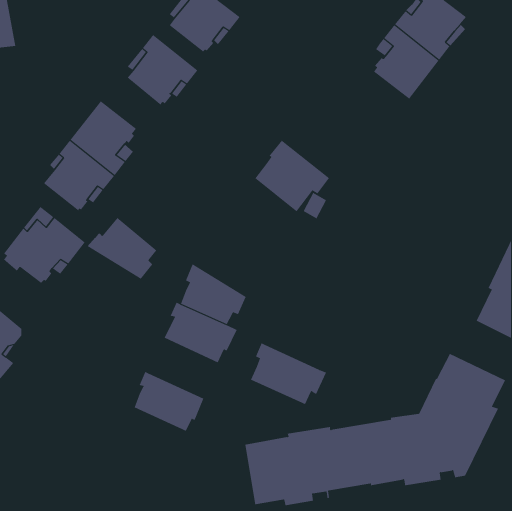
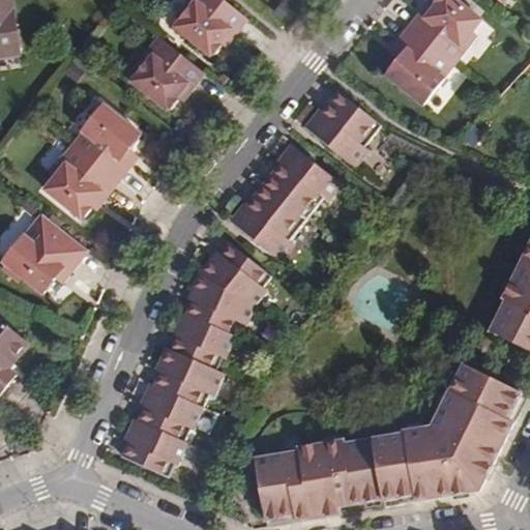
building: none -> [304,89,380,166]
building: none -> [229,183,305,260]
building: [87,217,157,280] -> [198,241,270,305]
building: [250,342,327,405] -> [153,346,232,410]
building: none -> [121,417,195,480]

